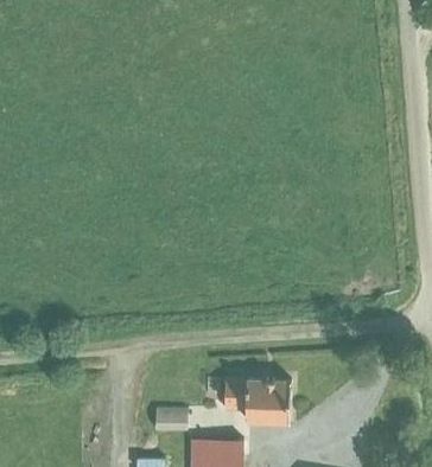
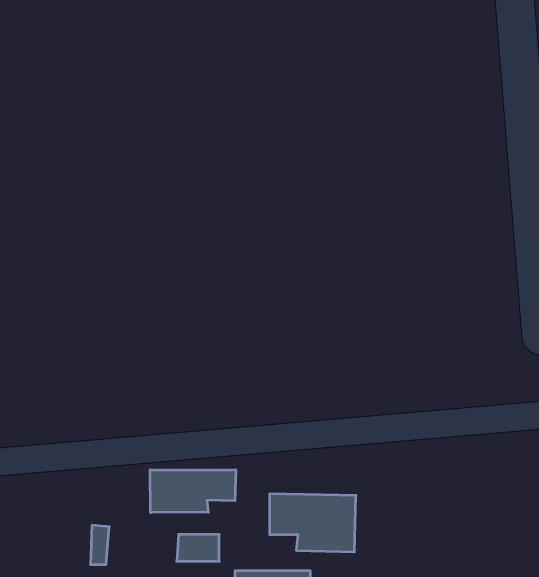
building: none -> [150,470,236,513]

